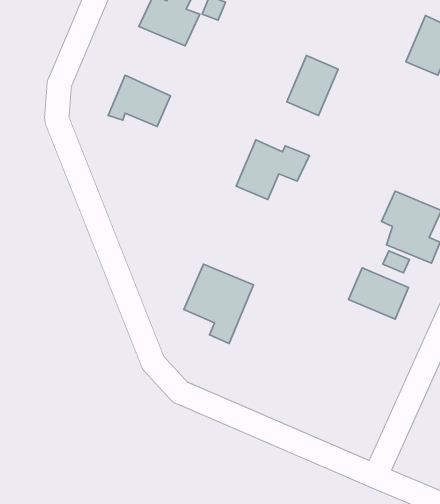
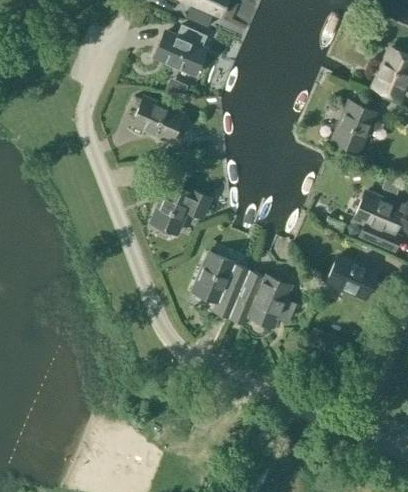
building: [287,56,338,115] -> [333,102,375,151]
building: [236,140,309,199] -> [151,184,211,233]
building: none -> [229,270,294,325]

